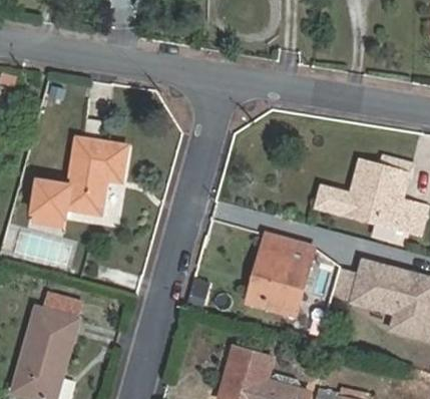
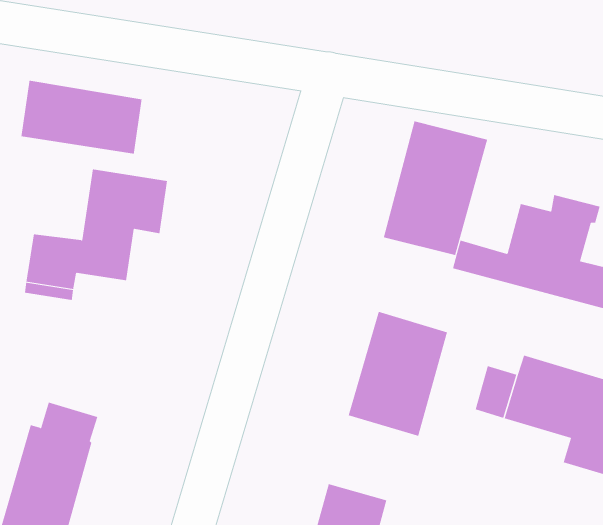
building: none -> [21,80,142,155]
building: none -> [383,120,488,256]

